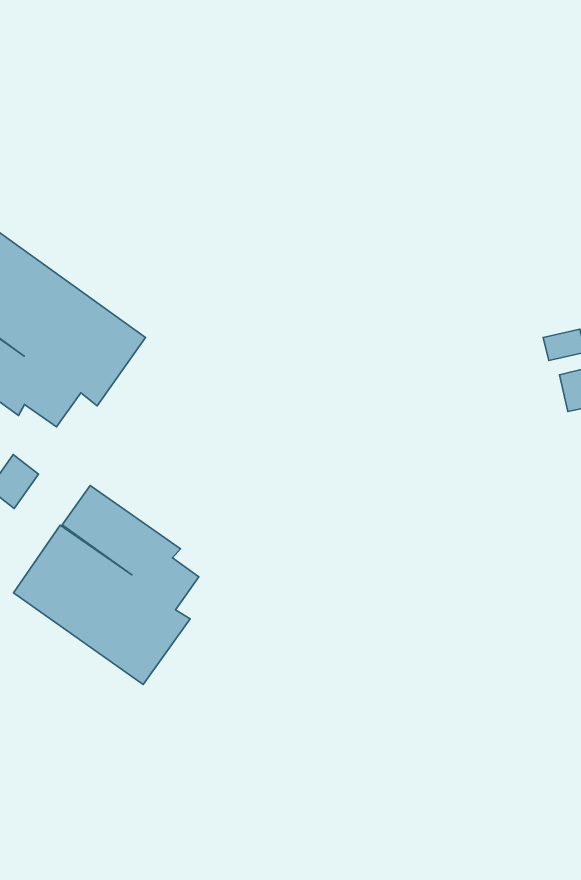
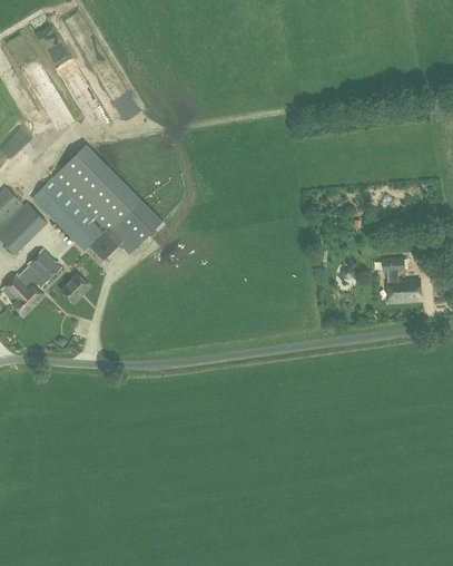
building: [13,485,199,684] -> none

